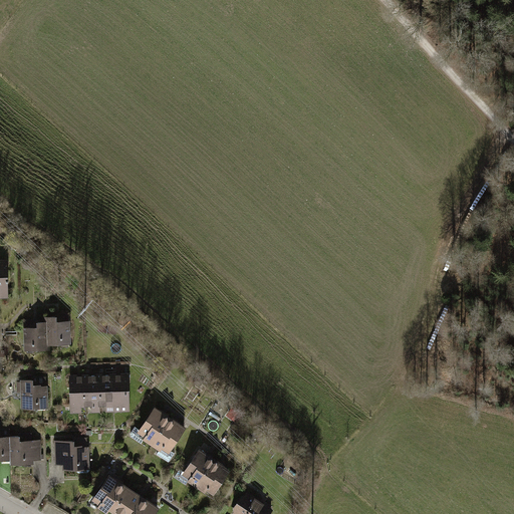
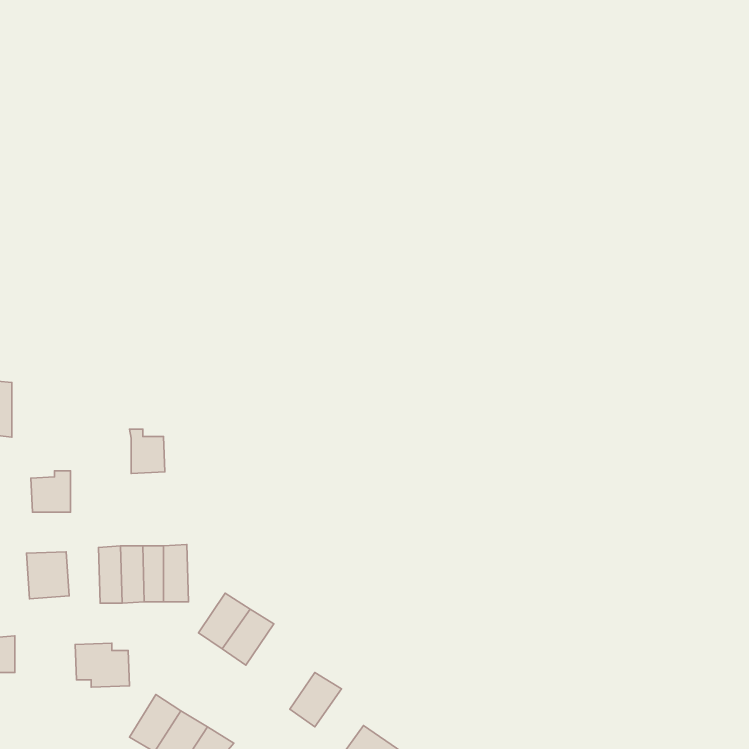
building: [47,317,71,347] -> [130,429,165,473]
building: [10,436,39,466] -> none
building: [181,449,215,486] -> none

